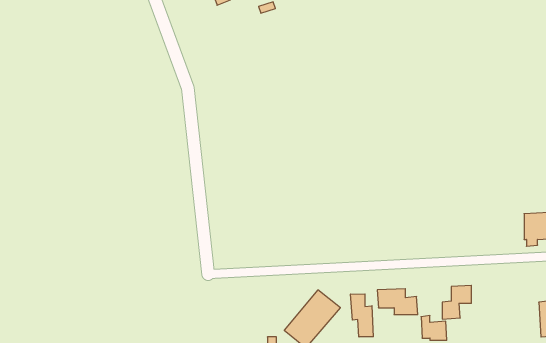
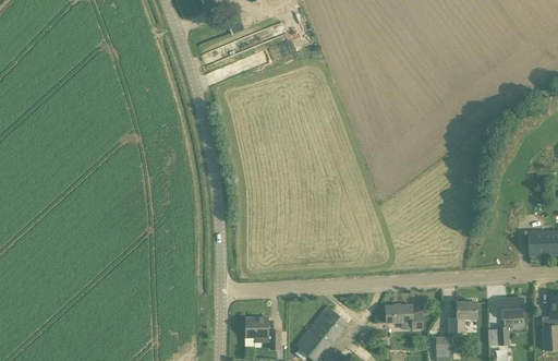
building: none -> [490,297,524,345]
building: [351,294,373,337] -> none
building: none -> [245,316,280,348]

